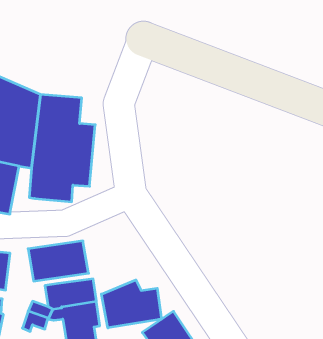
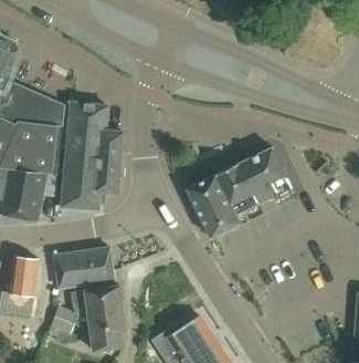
building: none -> [186,147,293,237]
building: [101,280,161,328] -> none

